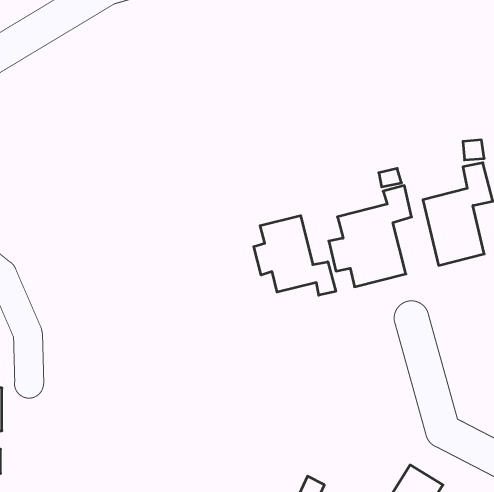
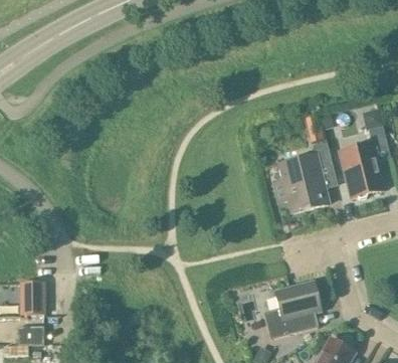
building: [254,216,336,295] -> none
building: none -> [262,281,321,339]

